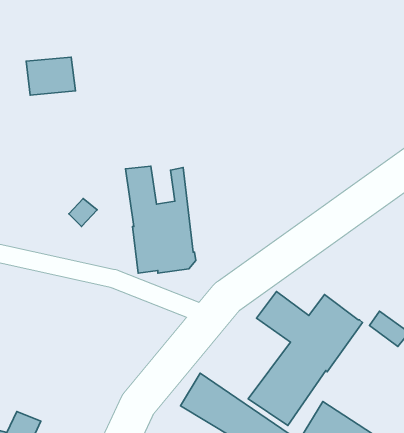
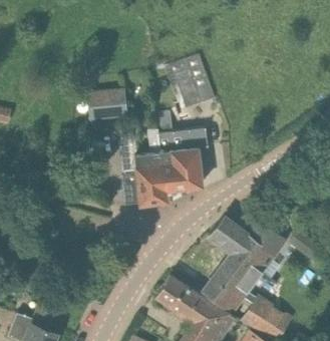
building: [26,57,75,95] -> [91,91,126,118]
building: none -> [164,55,215,110]
building: none -> [155,112,208,190]

